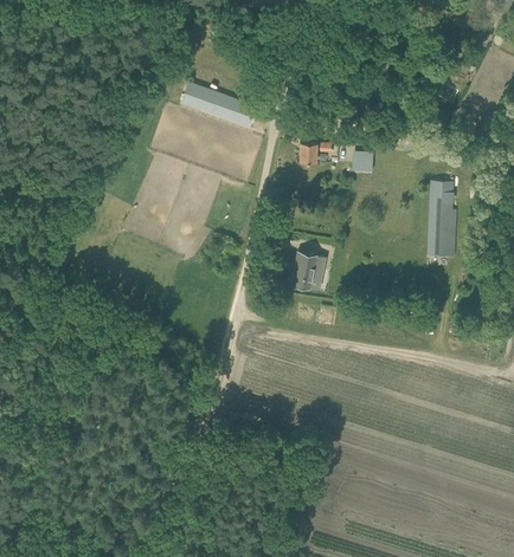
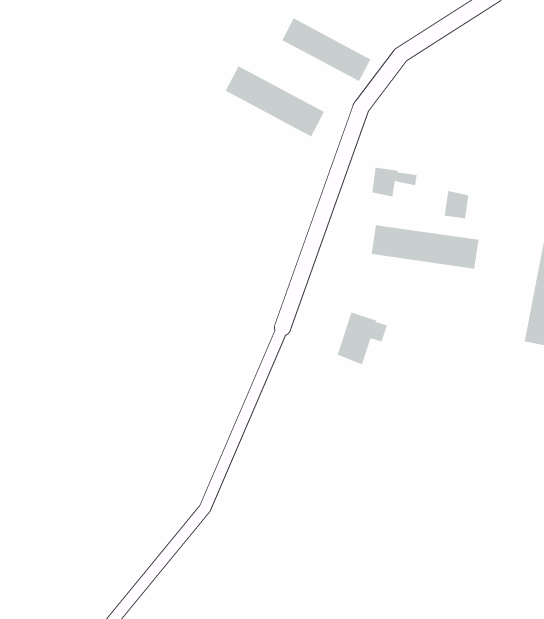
building: none -> [281,18,371,82]
building: none -> [371,224,479,269]

